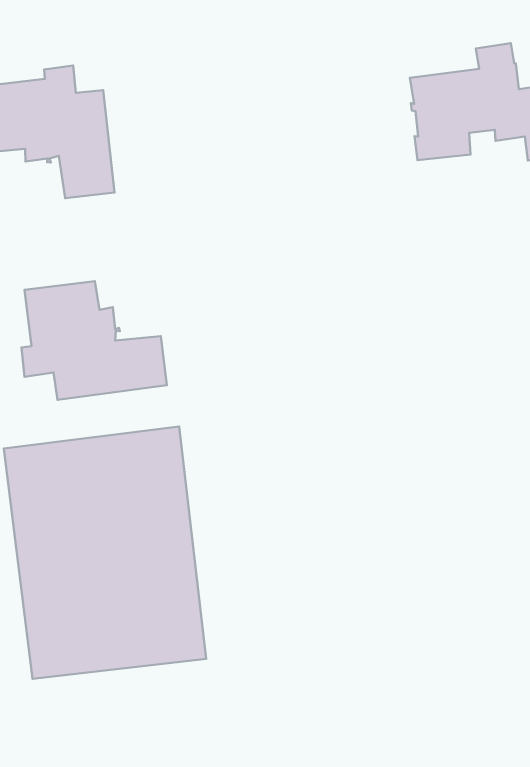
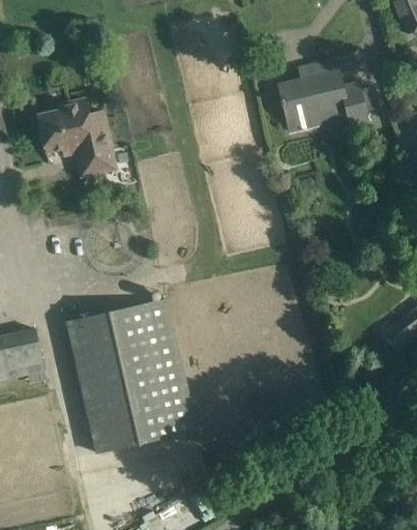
building: [22,281,167,400] -> none

